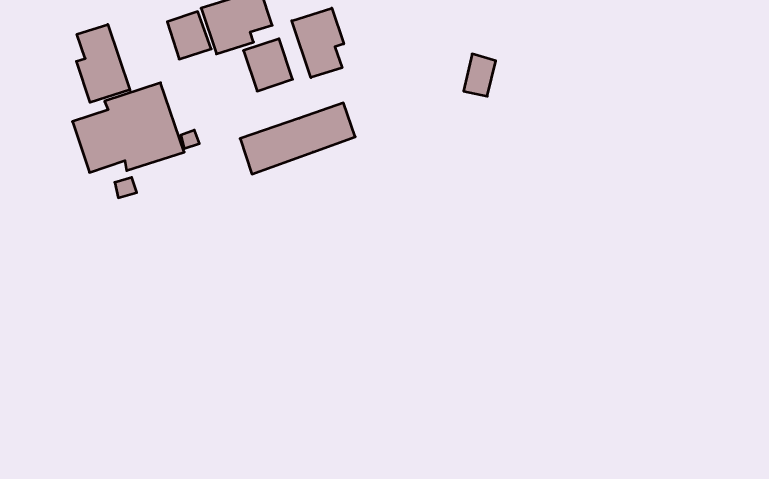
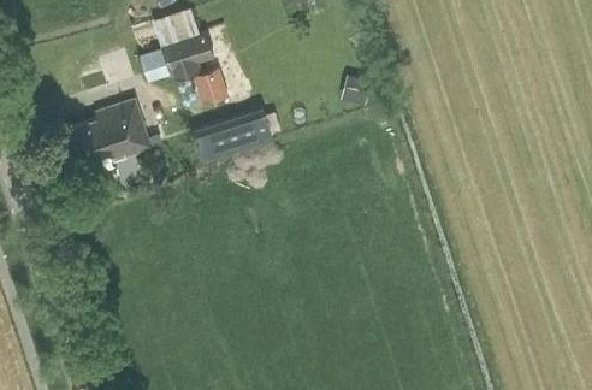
building: [292,8,344,78] -> none
building: [76,24,130,102] -> none

